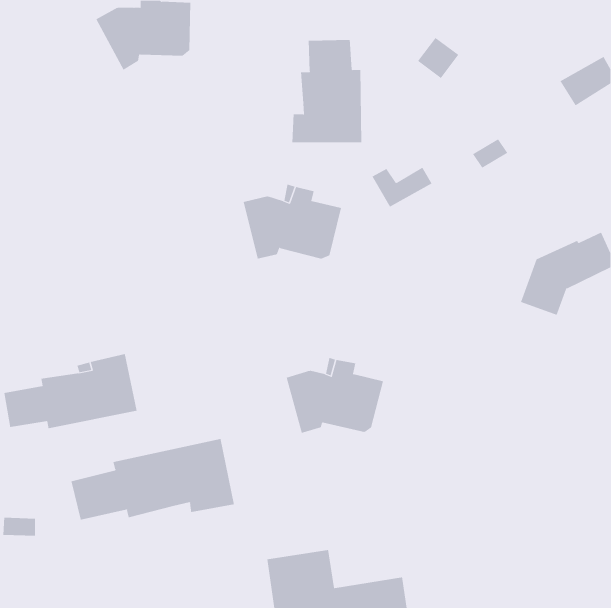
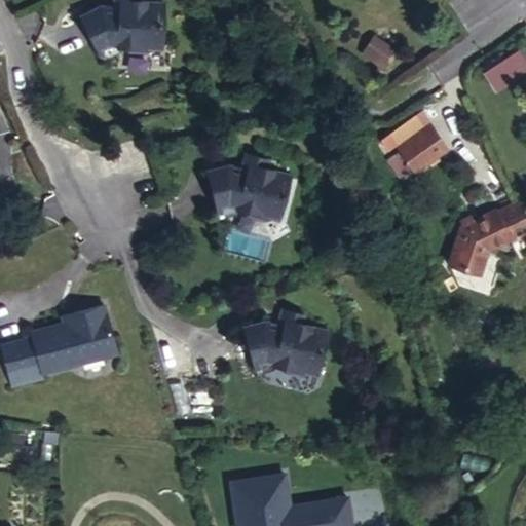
building: [292,39,362,143] -> none
building: [371,167,432,208] -> [392,134,445,168]
building: [71,438,235,521] -> none

